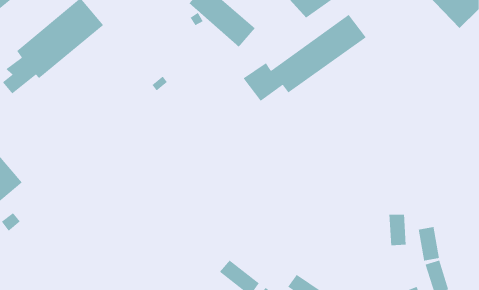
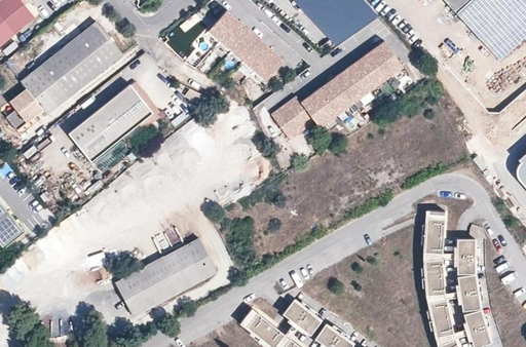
building: none -> [69,86,151,162]
building: none -> [425,210,445,253]
building: none -> [116,235,216,317]
building: none -> [457,238,475,273]
building: none -> [429,299,454,337]
building: none -> [284,301,322,335]

